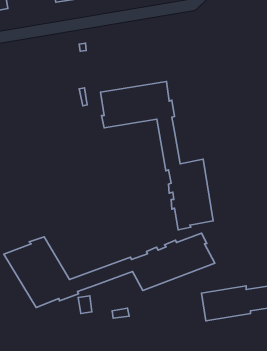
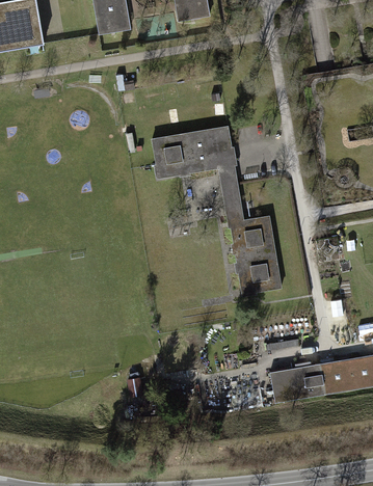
building: [4,233,215,308] -> none

